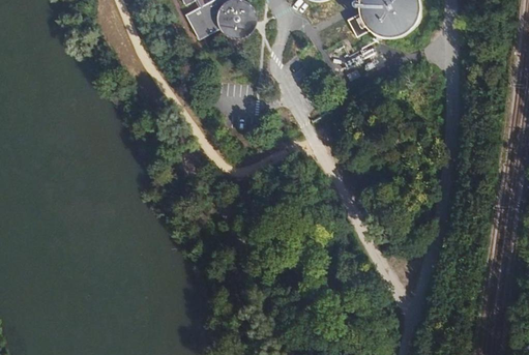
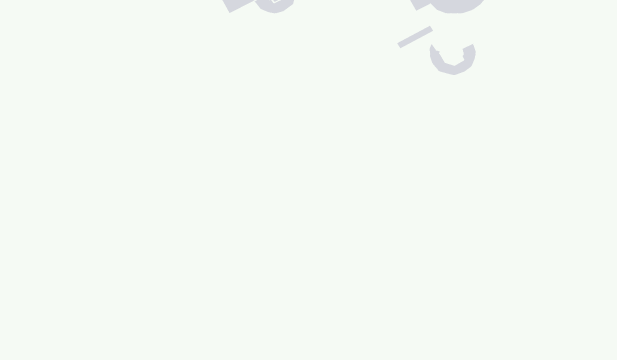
building: none -> [429,43,476,76]

